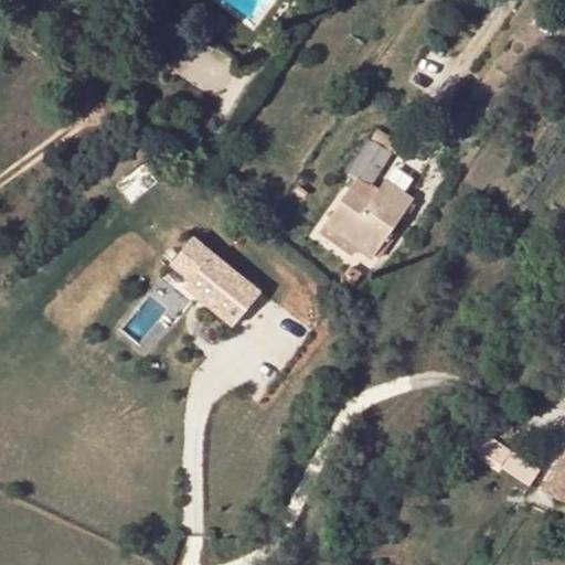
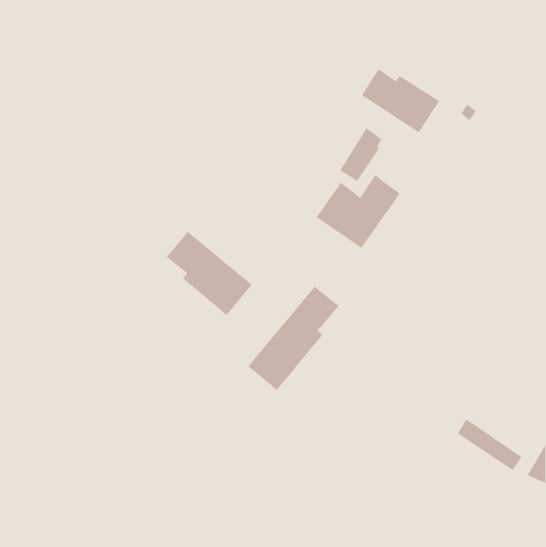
building: none -> [361,69,440,133]
building: none -> [247,286,339,391]

